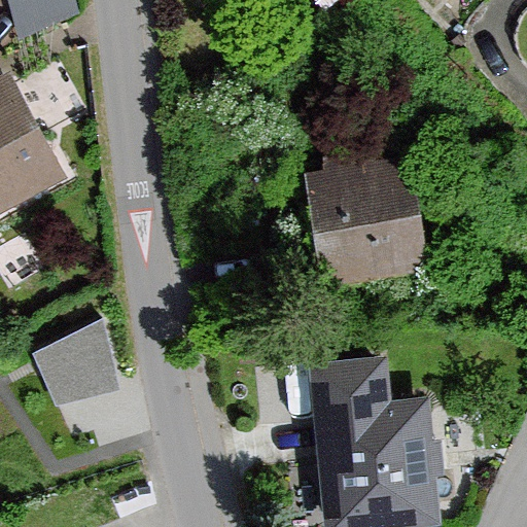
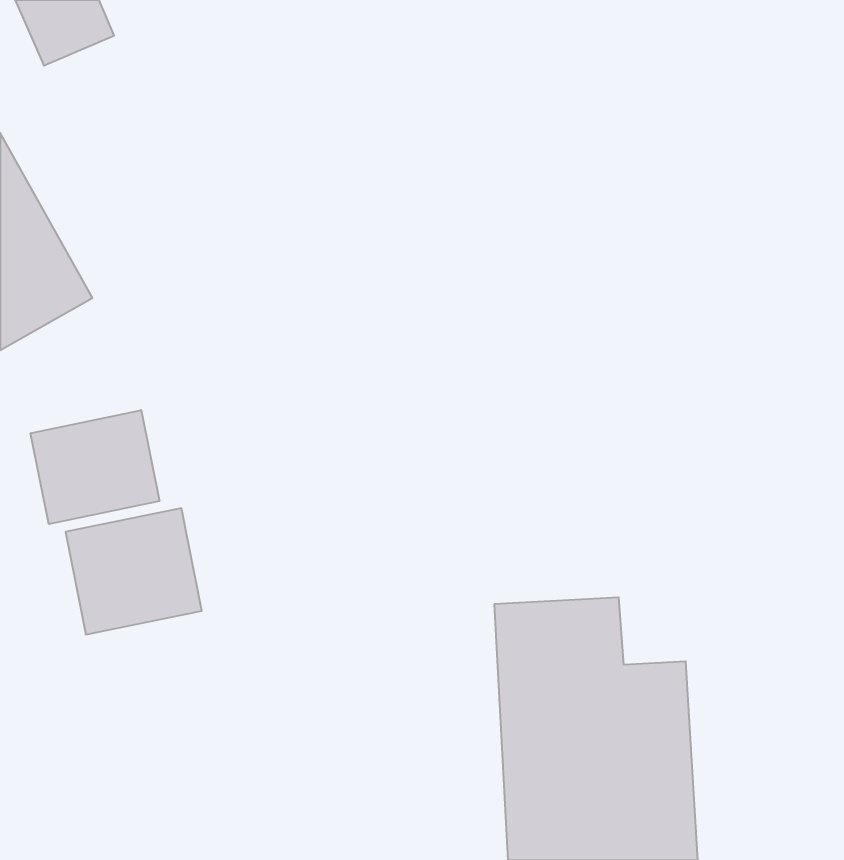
building: [302,150,420,285] -> none
building: none -> [31,410,159,524]

